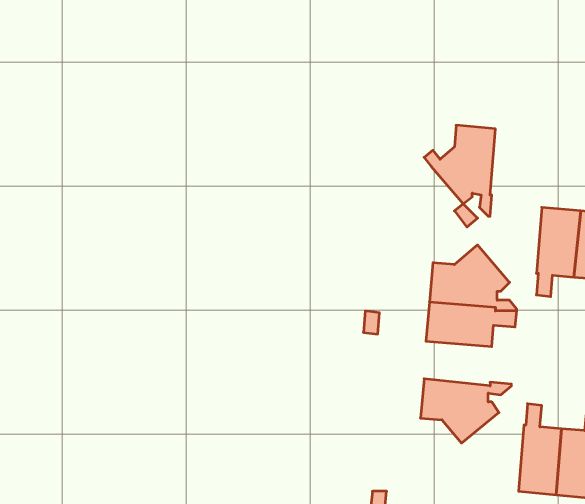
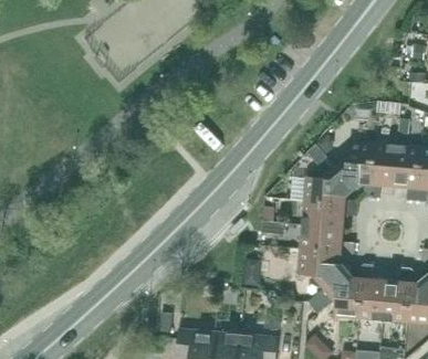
building: [424,125,495,216] -> [330,140,374,197]
building: none -> [301,225,355,253]
building: none -> [309,264,365,318]

